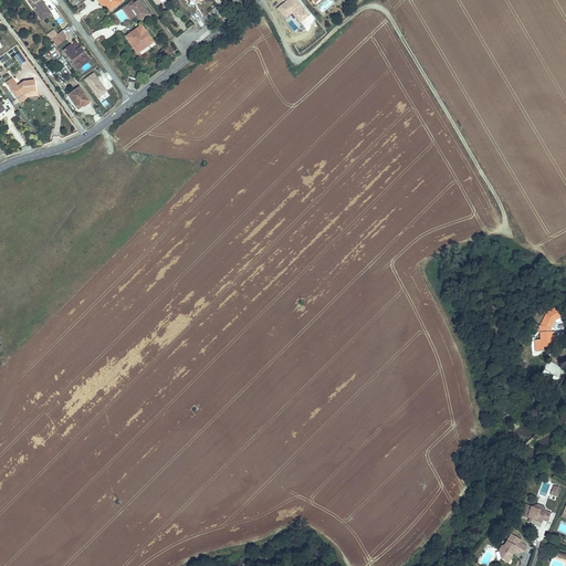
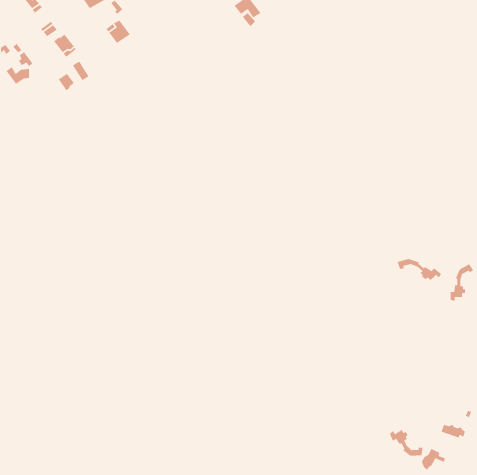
building: none -> [396,258,442,281]
building: none -> [389,429,424,457]

